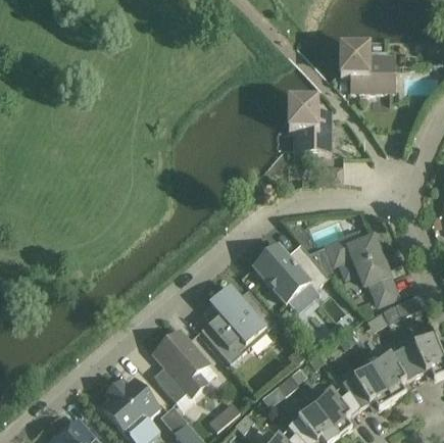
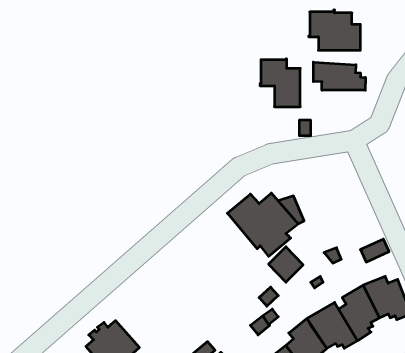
building: none -> [313,62,365,90]
building: [327,232,395,302] -> none
building: [199,285,276,362] -> none
building: [153,330,207,400] -> none

